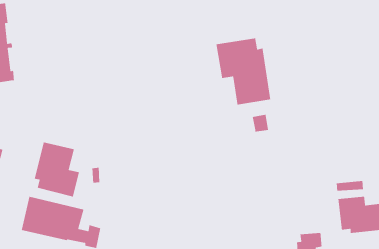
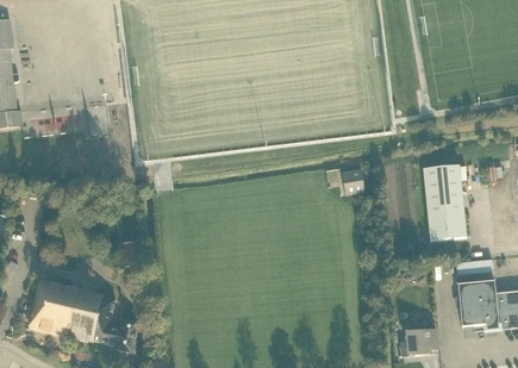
building: [216,38,271,105] -> none
building: none -> [423,166,466,241]
building: [34,141,80,198] -> none

